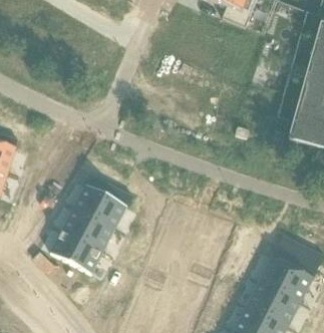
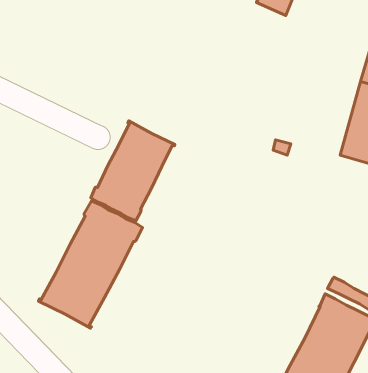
building: none -> [91,121,175,221]

